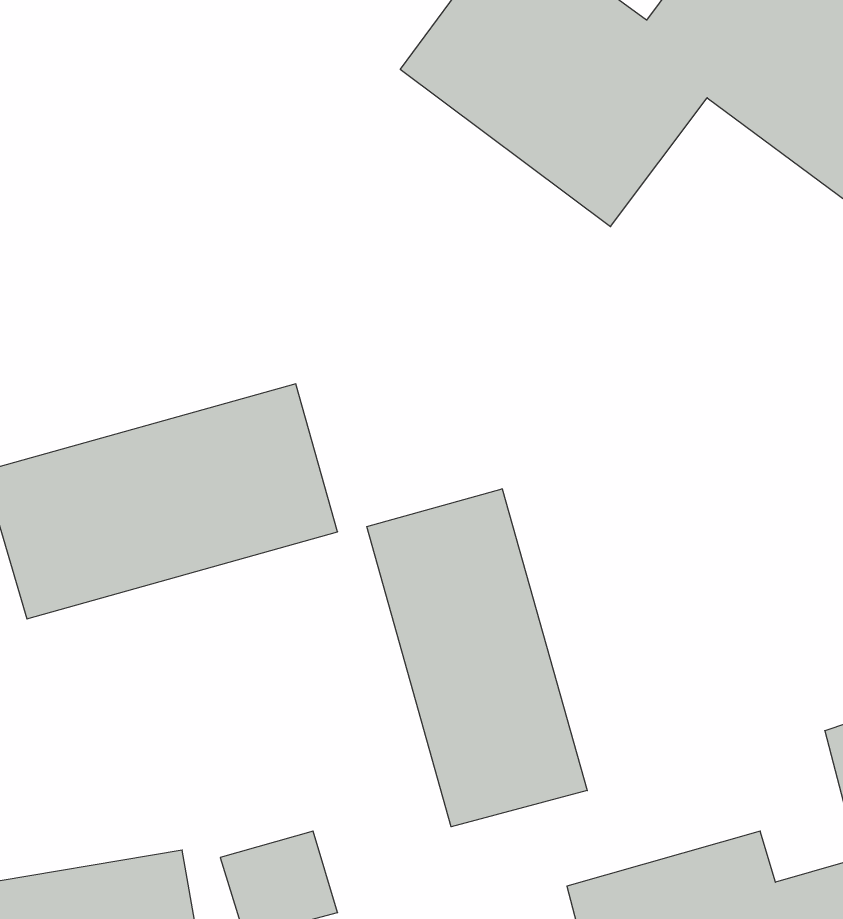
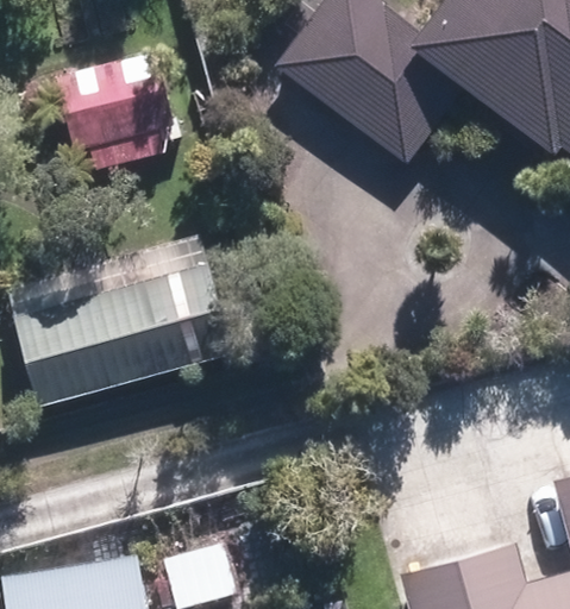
building: none -> [57,50,176,147]
building: [367,489,587,827] -> none

